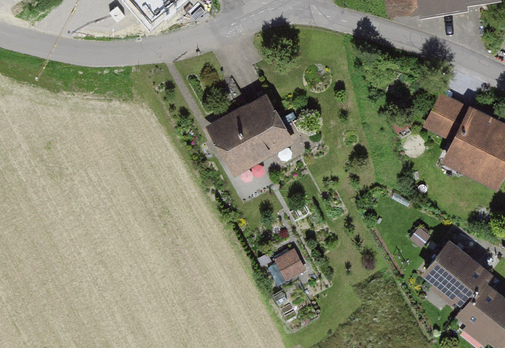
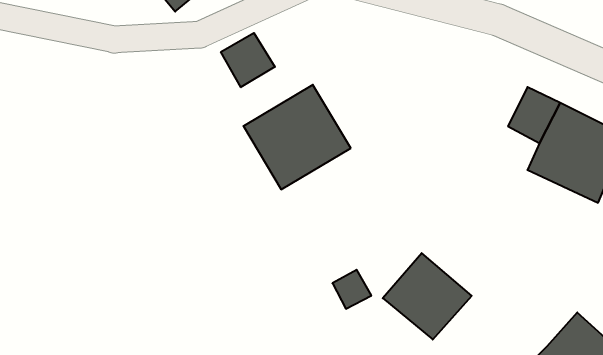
building: none -> [221,33,275,87]
building: [416,236,489,307] -> [383,253,472,340]

